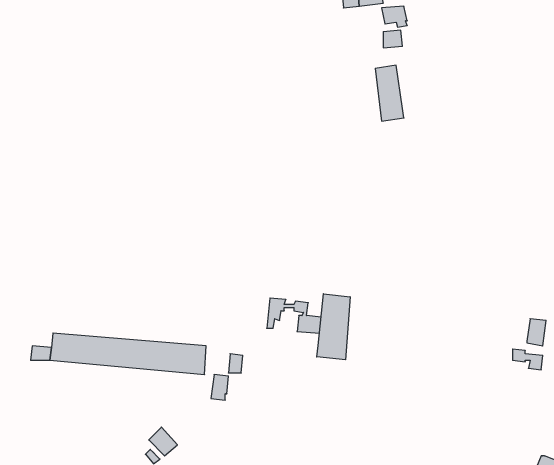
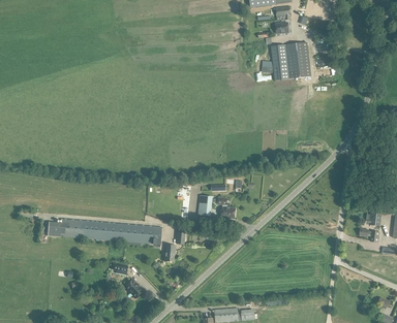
building: none -> [284,42,311,78]
building: [317,294,350,360] -> none

